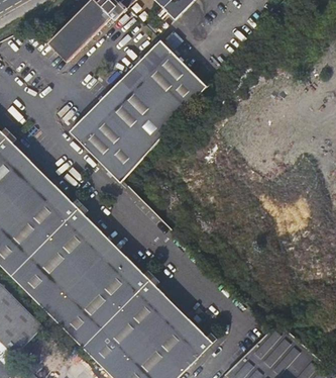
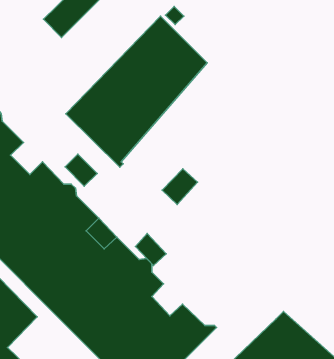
building: [18,162,48,192] -> [65,154,97,186]
building: none -> [162,169,198,205]
building: [152,296,182,326] -> [136,234,166,266]

